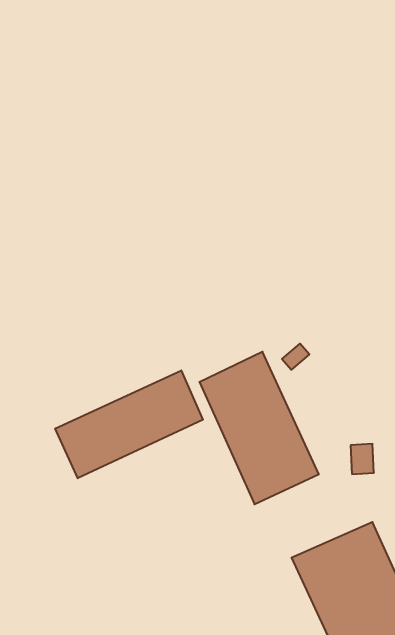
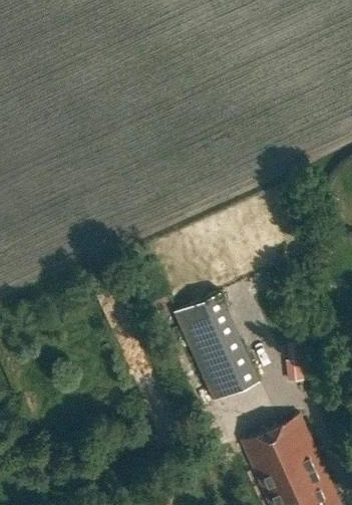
building: [55,370,203,478] -> none

